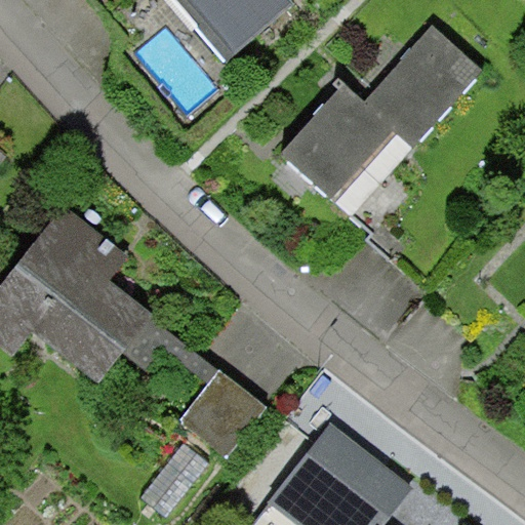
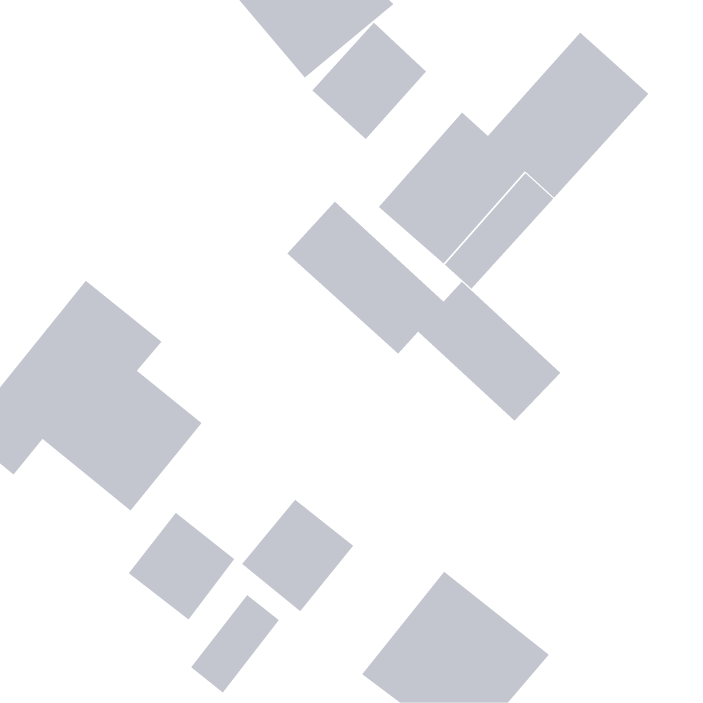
building: none -> [312,22,427,140]
building: none -> [287,201,561,422]
building: none -> [128,512,235,621]

